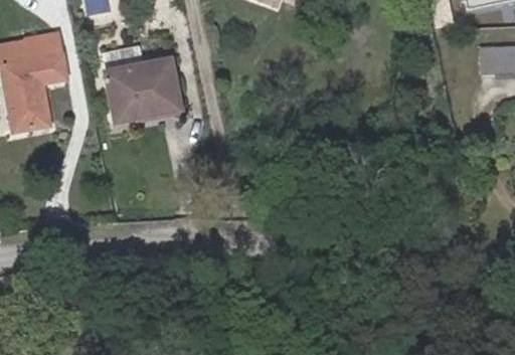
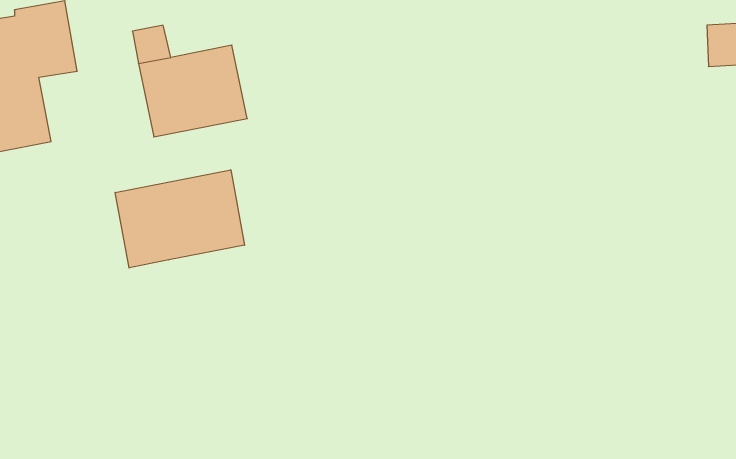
building: none -> [115,170,245,268]

